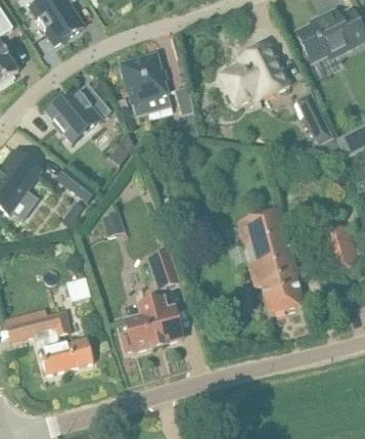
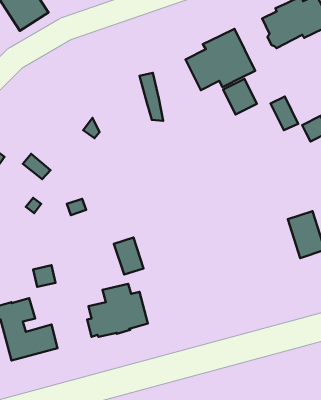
building: [122,52,168,117] -> none
building: [47,78,111,143] -> none
building: none -> [223,79,257,114]
building: [239,210,304,313] -> none

